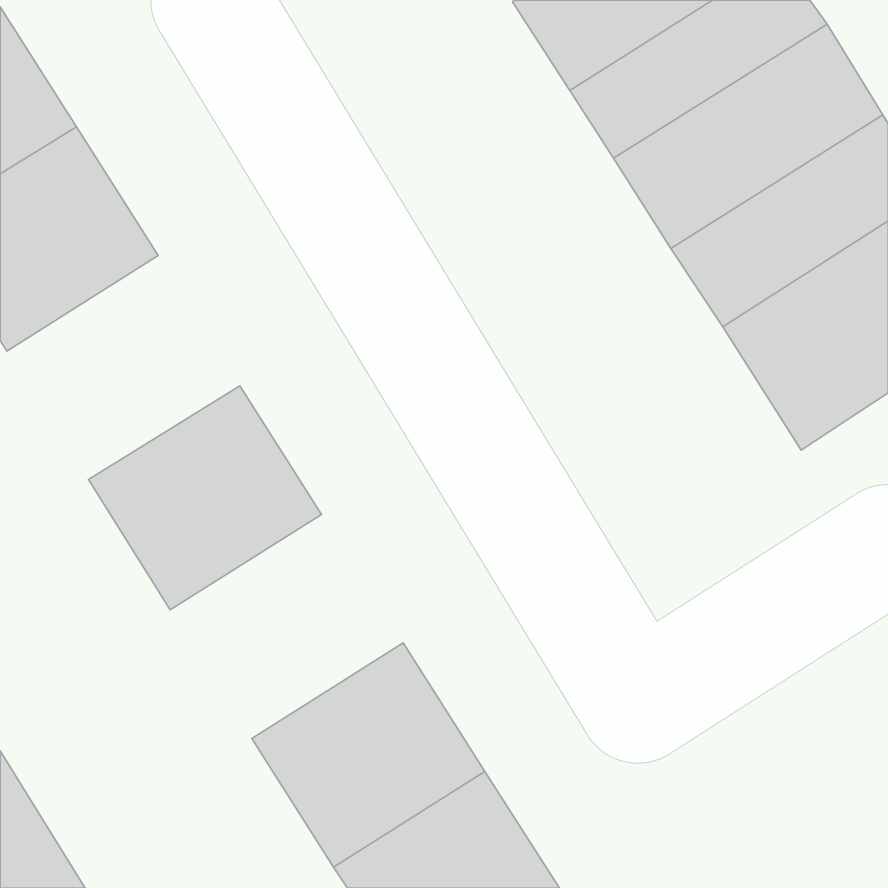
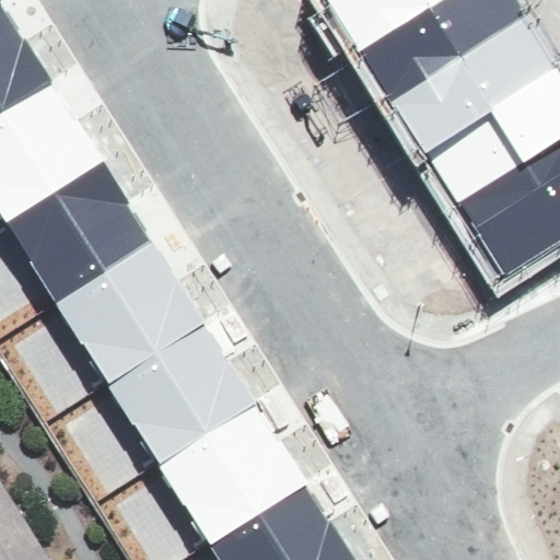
building: none -> [4,161,151,302]
building: none -> [107,324,254,465]

